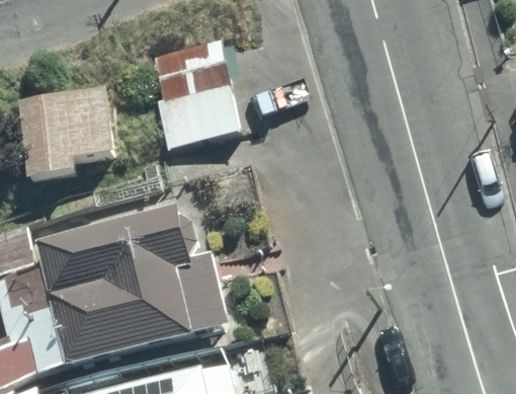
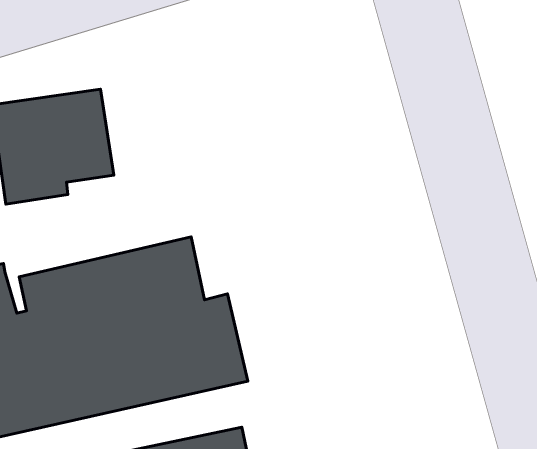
building: [152,41,242,151] -> none

